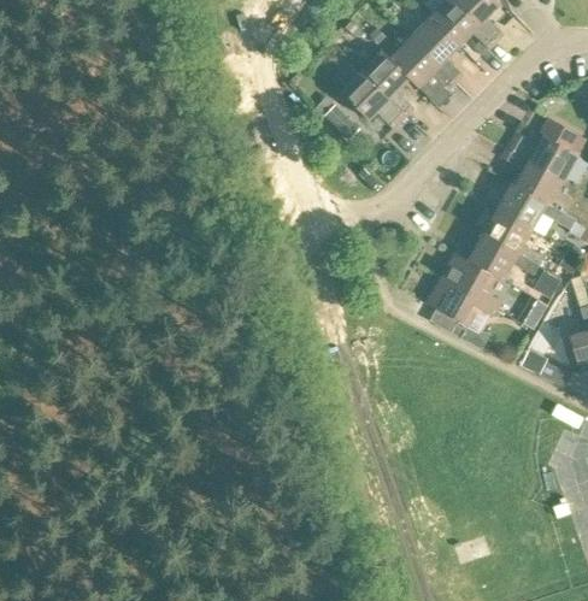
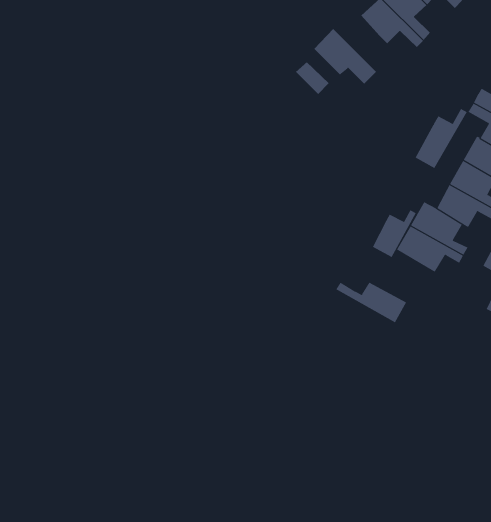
building: [361,49,414,116] -> none
building: none -> [415,108,467,169]
building: none -> [372,209,417,258]
building: none -> [336,282,407,323]

